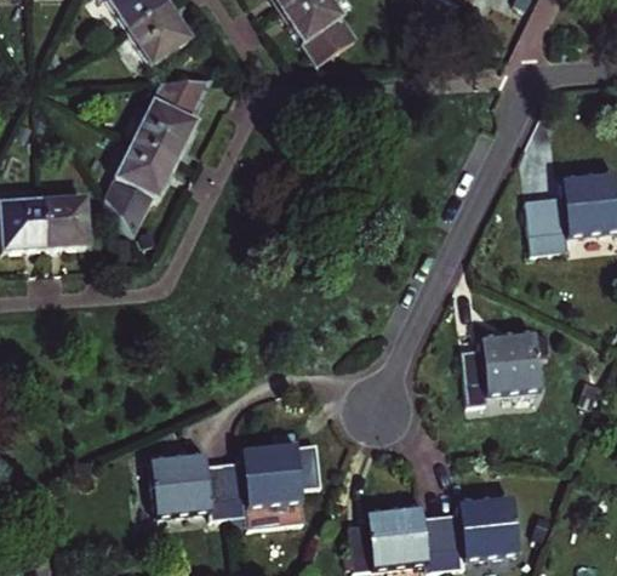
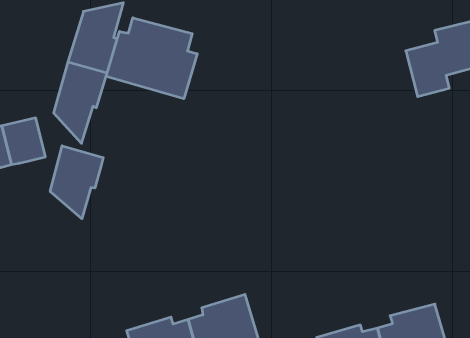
building: none -> [106,18,197,99]
building: none -> [50,146,103,219]
building: [468,330,542,403] -> none

